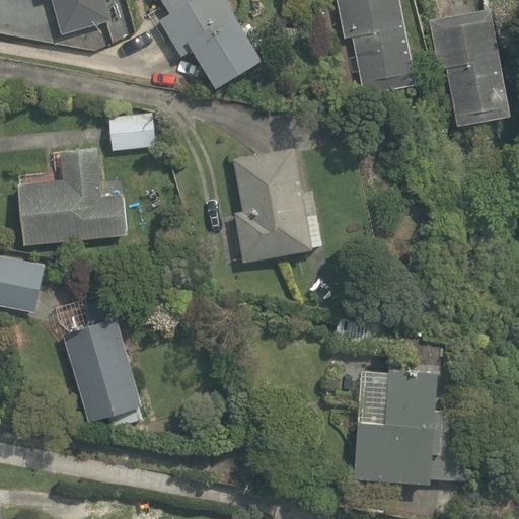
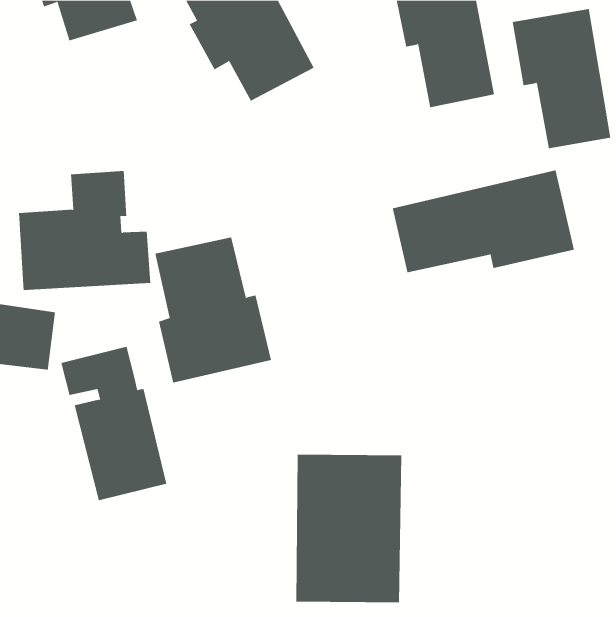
building: [105,108,155,150] -> none
building: [230,141,328,264] -> [154,237,272,383]
building: none -> [392,170,574,273]
building: [357,363,446,488] -> [296,454,402,603]

